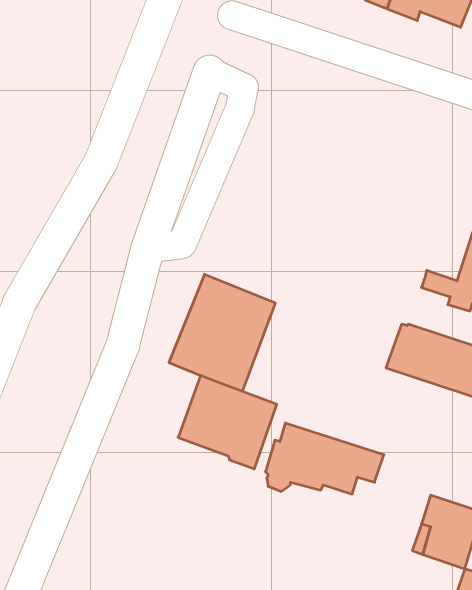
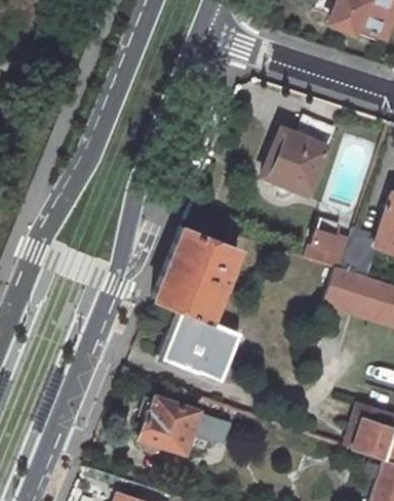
building: none -> [266,122,332,197]
building: none -> [305,228,355,269]
building: [265,423,384,494] -> [143,399,235,454]

